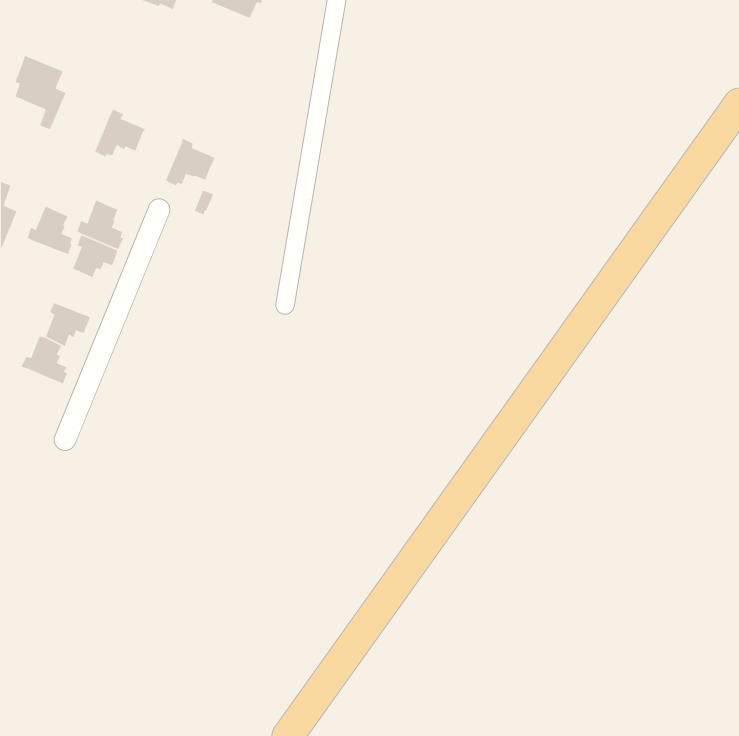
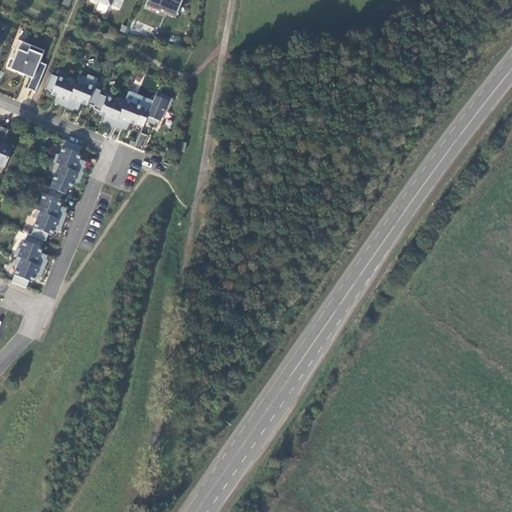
building: none -> [45,72,76,105]
building: none -> [145,91,172,122]
building: none -> [93,92,125,125]
building: [26,206,73,255] -> [34,185,66,219]
building: none -> [12,255,44,286]

